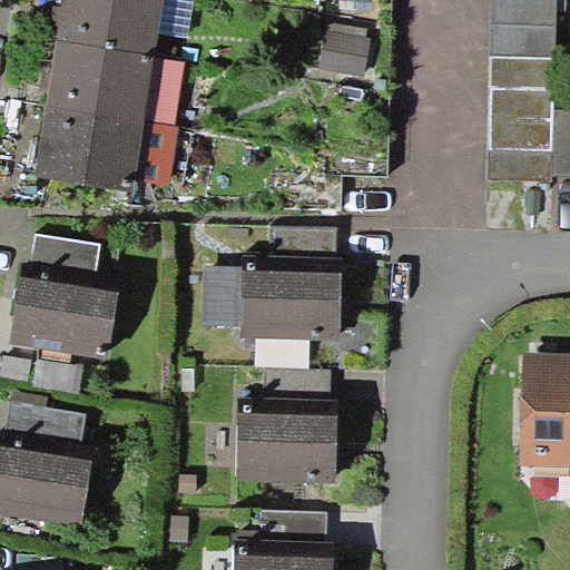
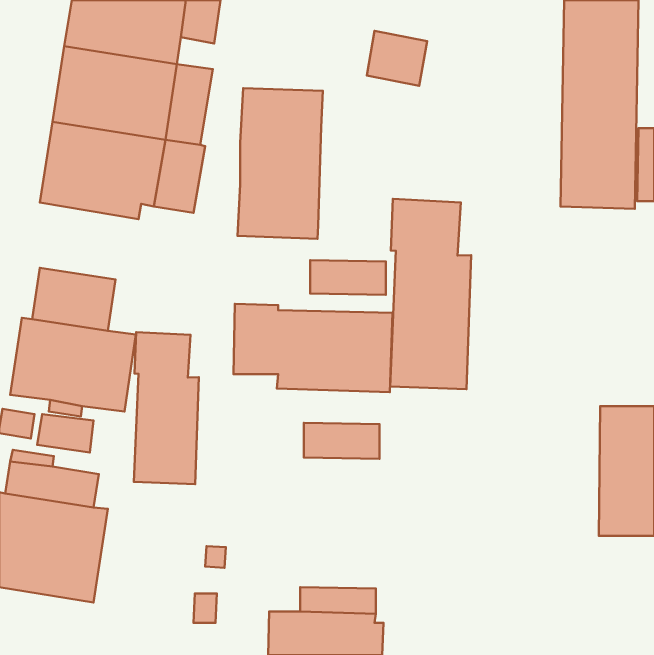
building: none -> [238,88,323,239]
building: none -> [390,199,471,389]
building: none -> [134,332,199,484]
building: [236,412,336,482] -> none

